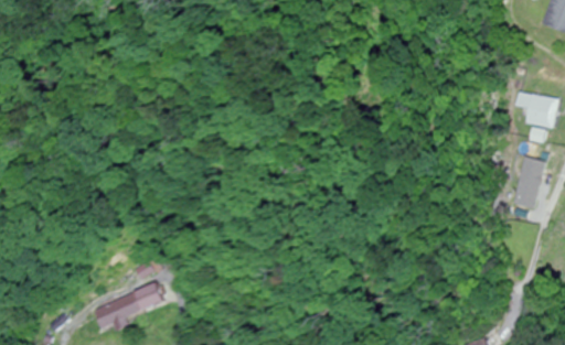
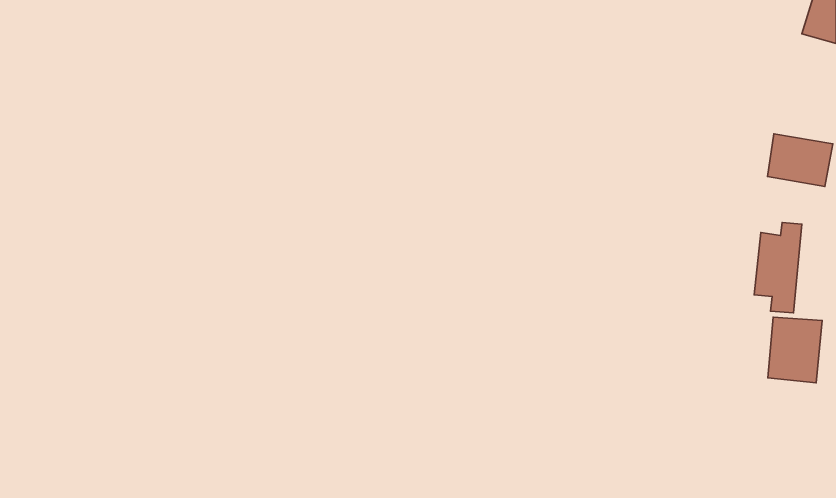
building: none -> [768,317,822,383]
building: [98,283,166,330] -> none

